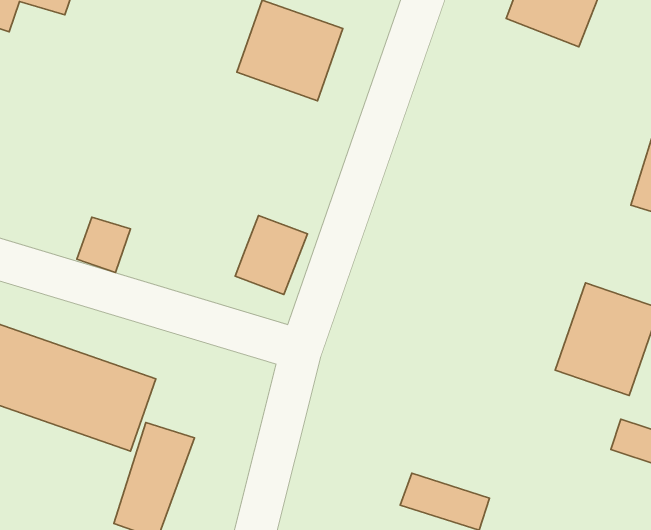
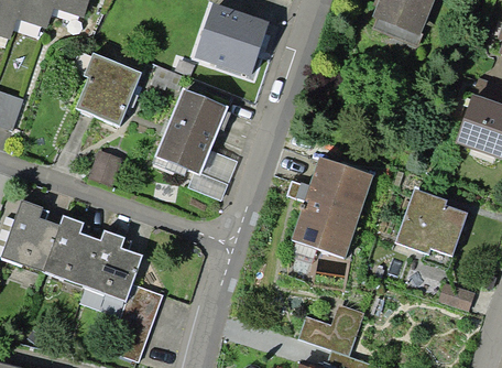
building: none -> [75,55,143,126]
building: none -> [154,87,226,173]
building: none -> [292,156,369,253]

